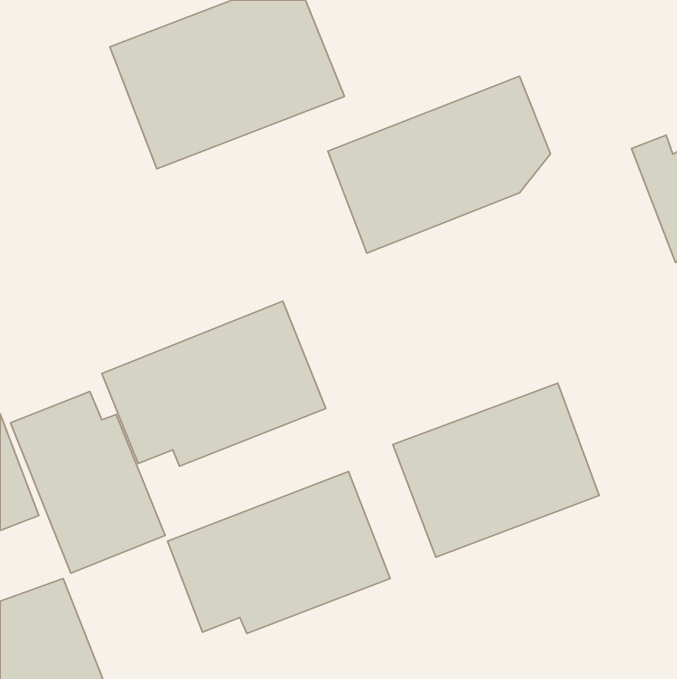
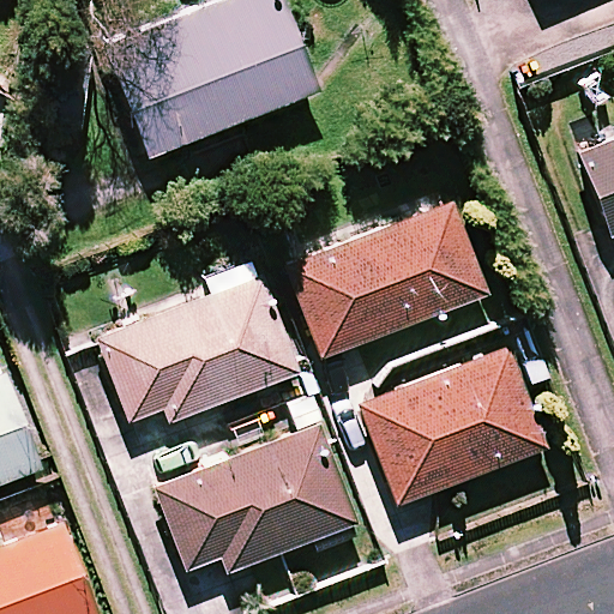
building: [328,76,550,253] -> [287,199,486,357]
building: [11,391,165,573] -> none

